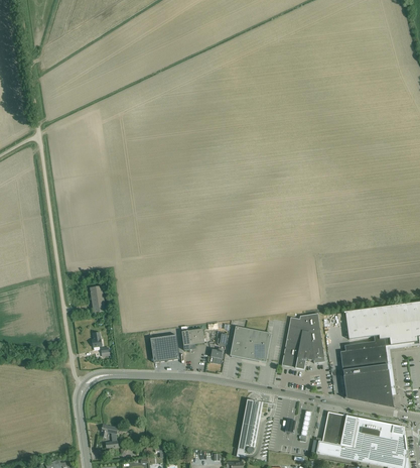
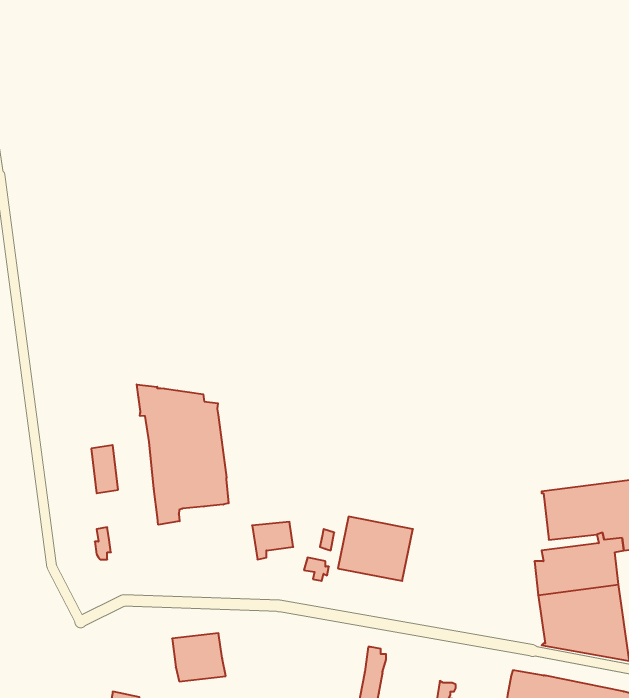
building: none -> [137,384,229,525]
building: [282,312,325,368] -> none
building: [150,334,180,361] -> [172,633,226,681]

